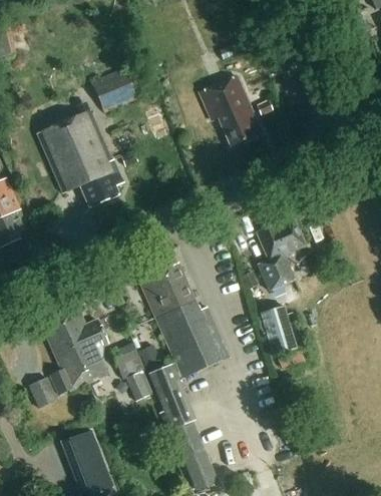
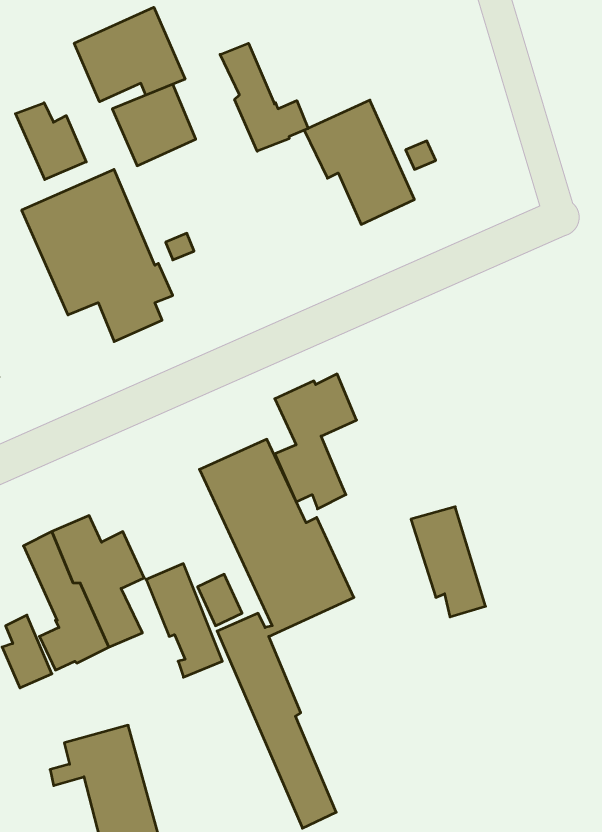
building: none -> [74,7,185,102]
building: none -> [220,43,308,151]
building: none -> [15,103,86,180]
building: [257,218,303,295] -> [275,374,357,509]

